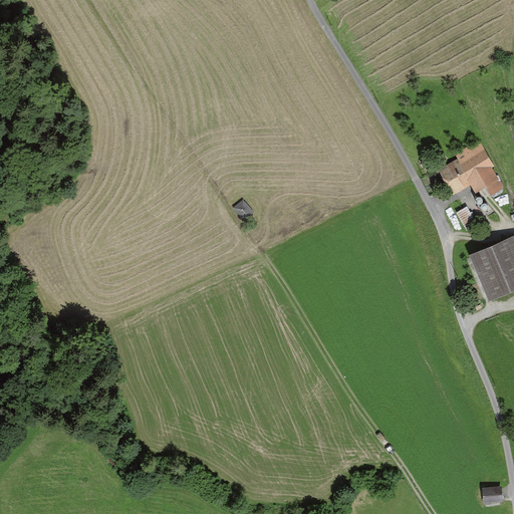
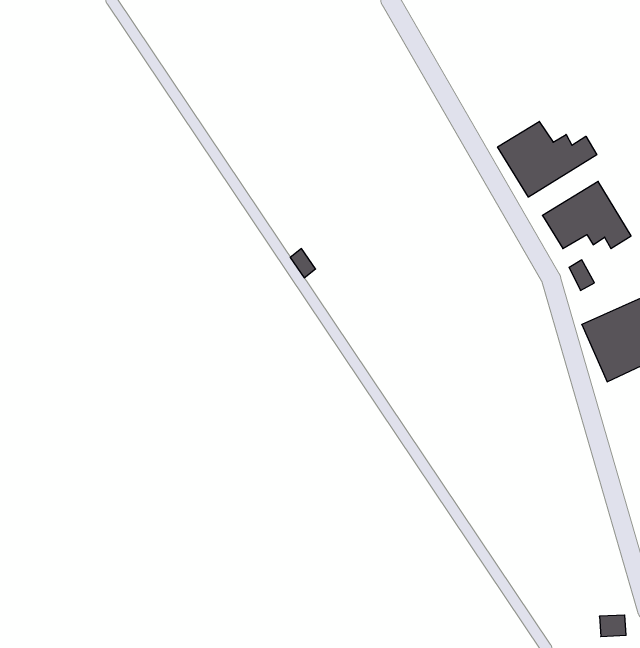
building: none -> [498,121,597,197]

